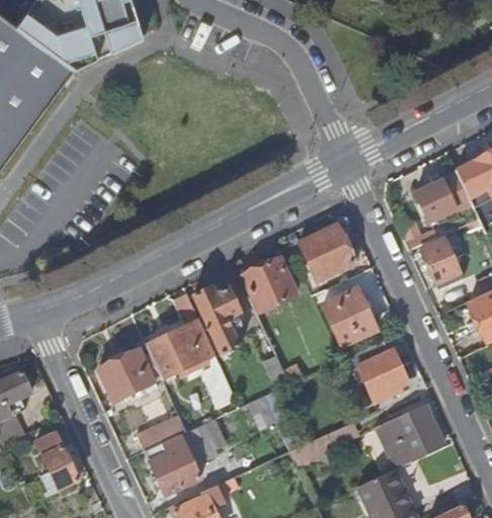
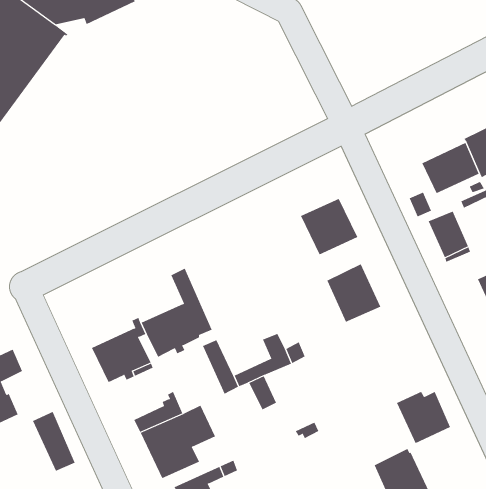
building: [242,258,296,312] -> none
building: [192,287,240,355] -> none
building: [351,340,407,400] -> none

